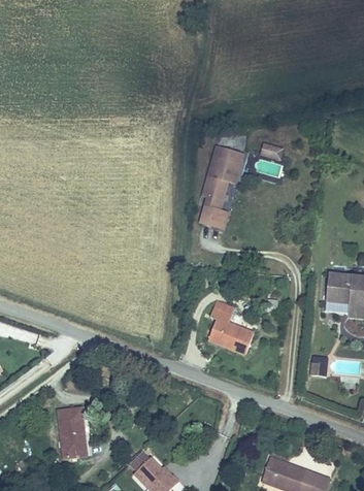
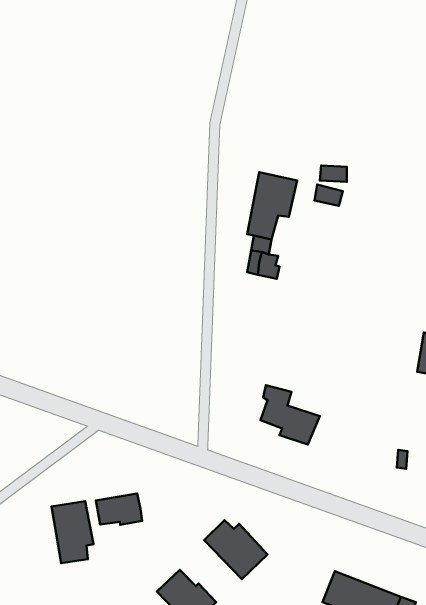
building: none -> [96,494,142,525]
building: none -> [204,520,267,579]

